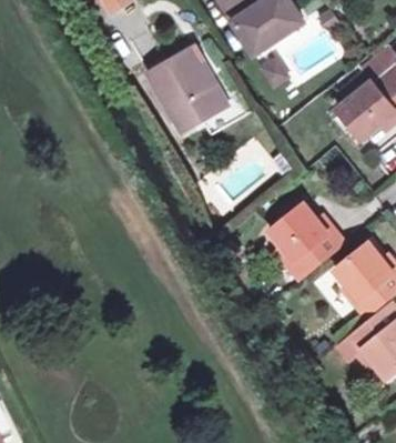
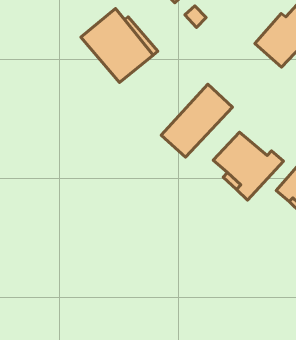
building: none -> [161,84,233,157]

